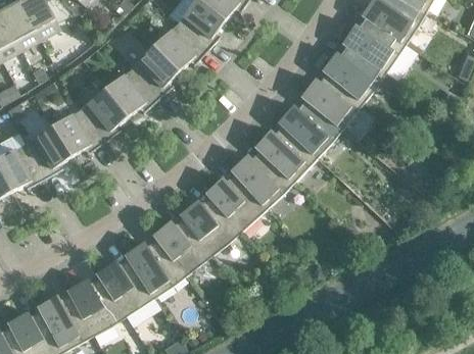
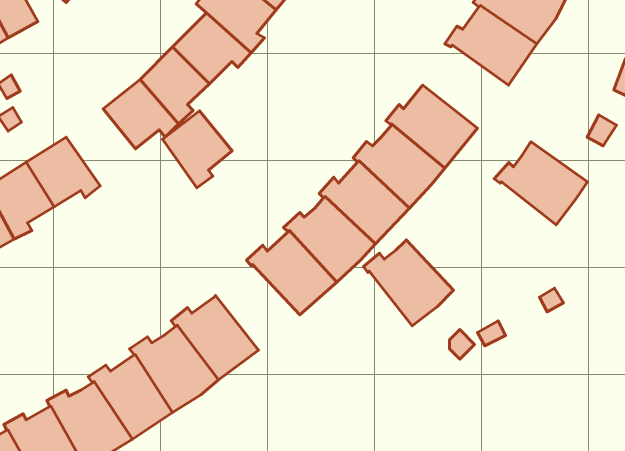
building: [321,44,385,101] -> [494,142,587,225]
building: [80,88,128,141] -> [163,111,232,188]
building: [179,195,241,254] -> [363,240,454,326]

